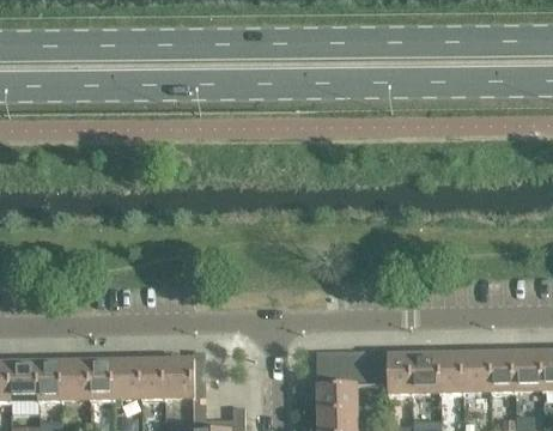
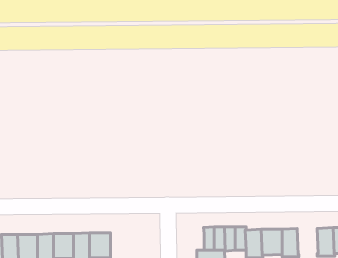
building: [460,350,490,387] -> none

